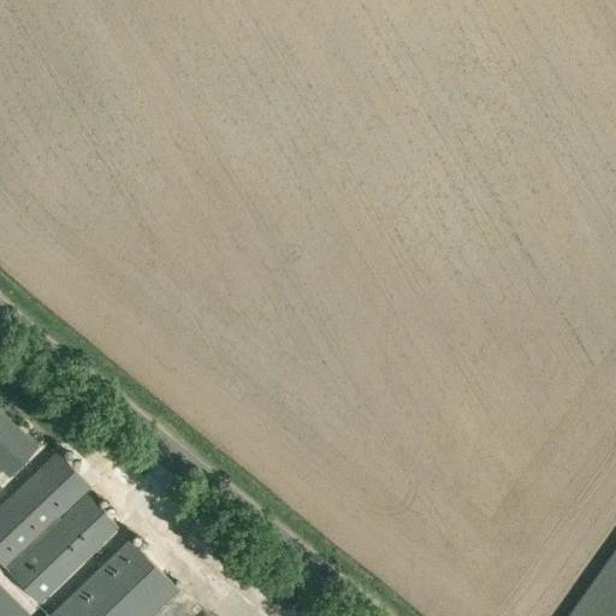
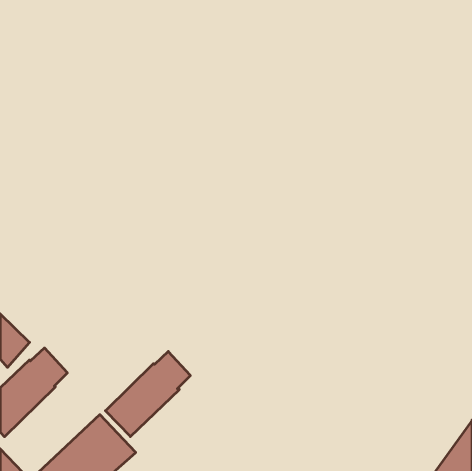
building: [7,496,118,606] -> [105,351,190,437]

